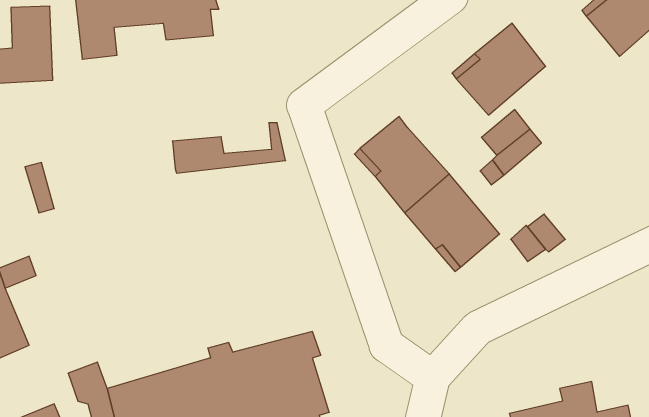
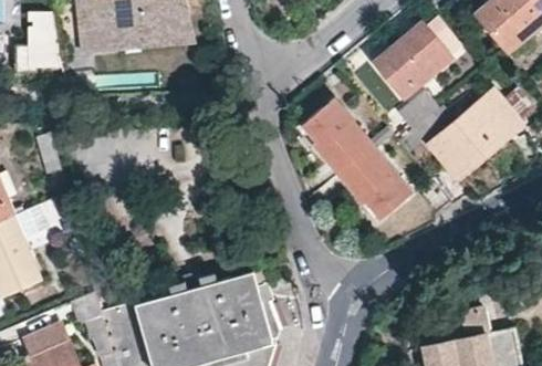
building: none -> [429,88,522,177]
building: [172,123,286,173] -> [107,12,197,52]

